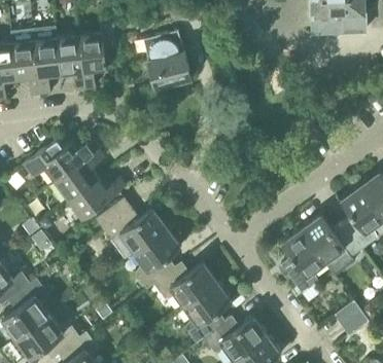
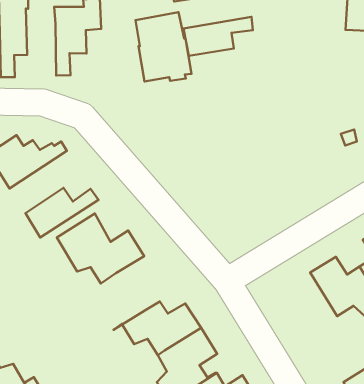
building: none -> [183,17,253,56]
building: [56,35,84,90] -> none
building: [55,149,104,202] -> none
building: [134,228,182,289] -> none
building: [281,230,325,294] -> none

